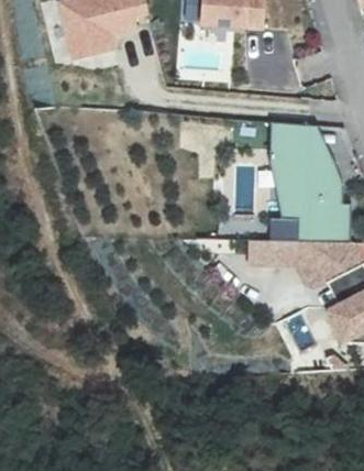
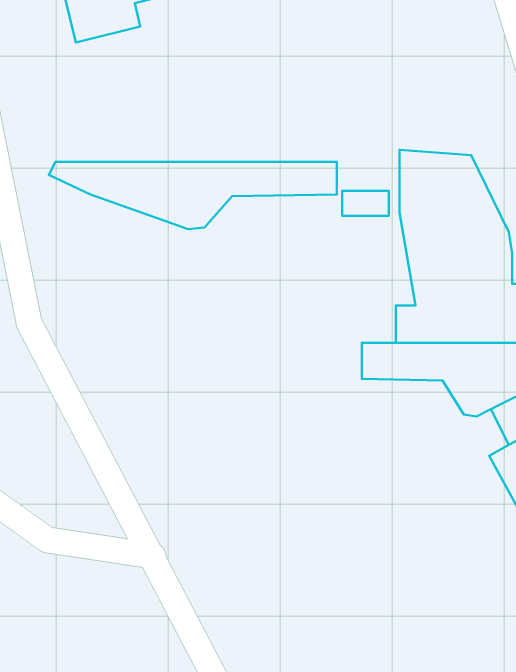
building: none -> [49,162,337,229]

